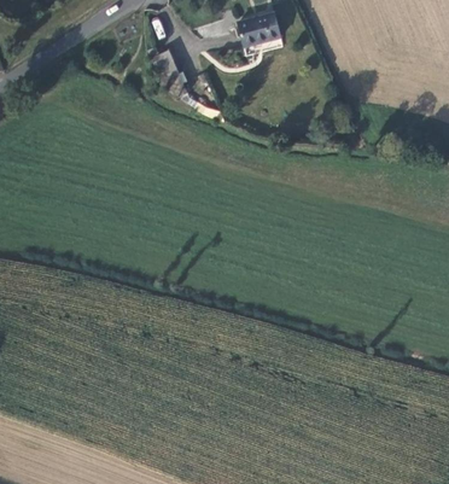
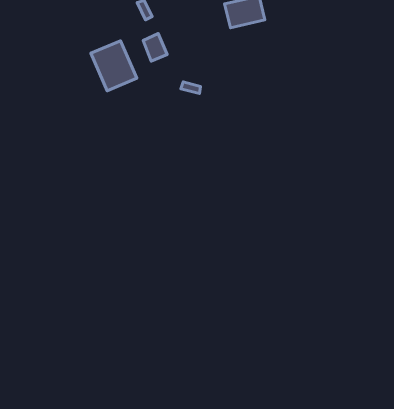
building: none -> [91,41,137,91]

